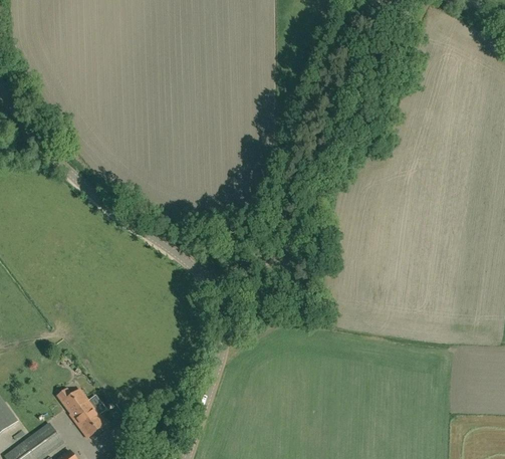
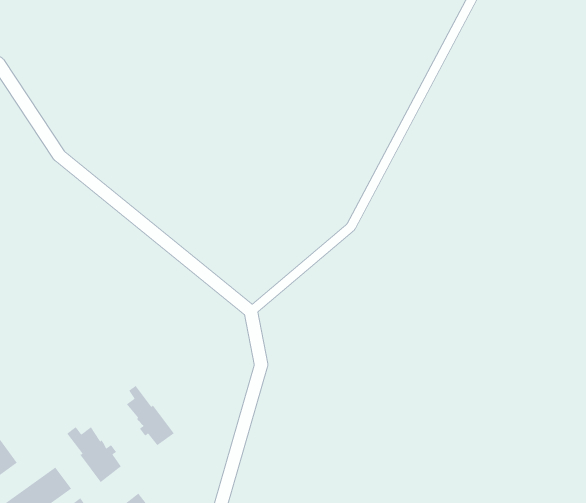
building: none -> [126,385,175,446]

